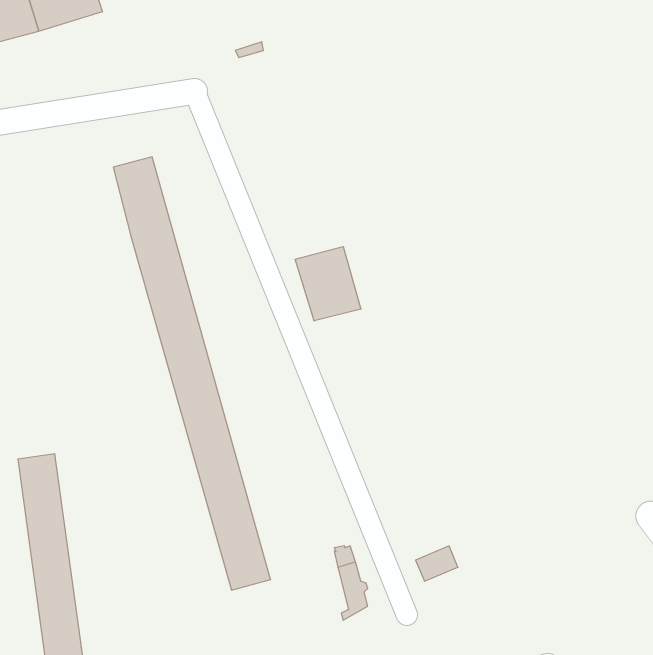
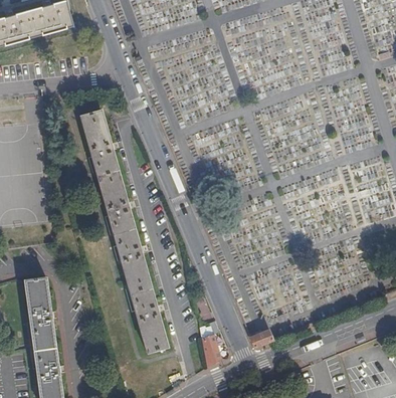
building: [295,247,361,321] -> none

